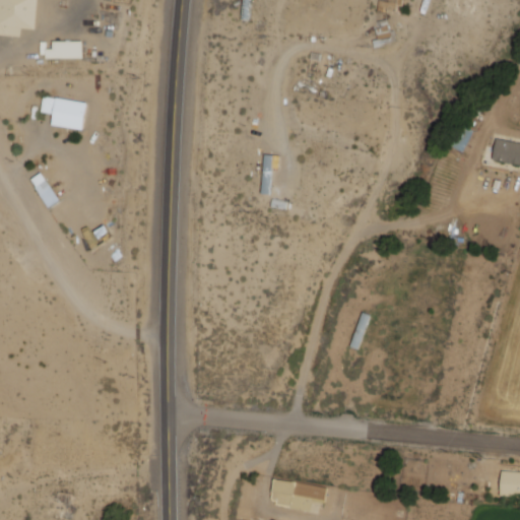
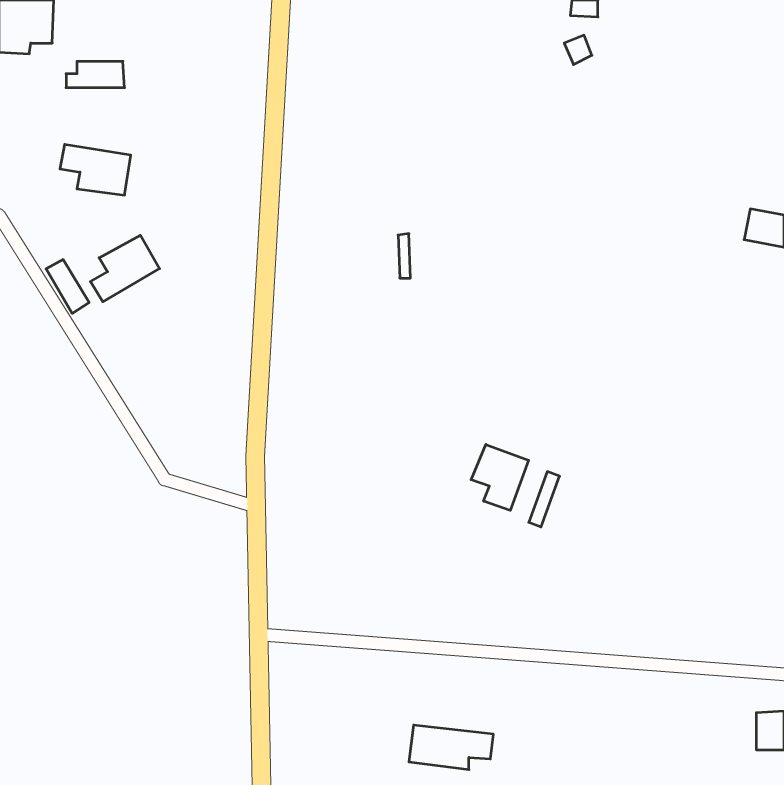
building: none -> [90,235,160,302]
building: none -> [471,444,529,510]

